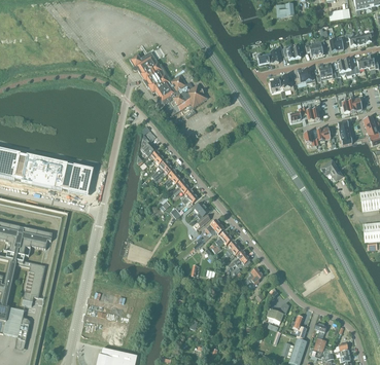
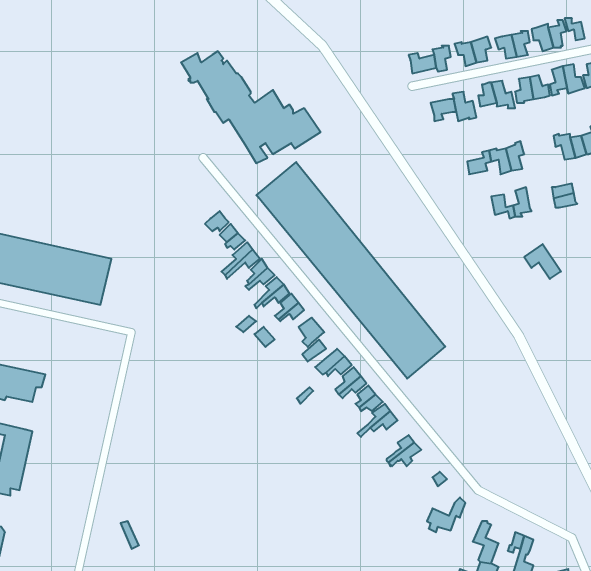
building: none -> [256,162,445,379]

